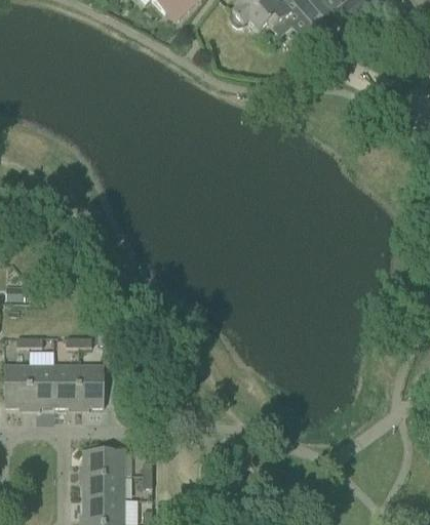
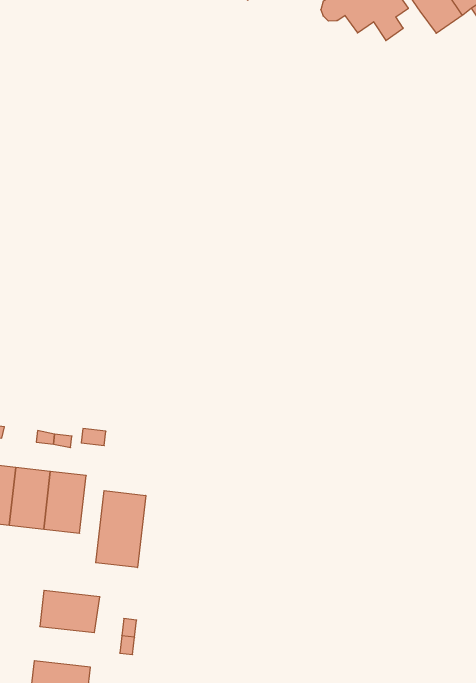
building: none -> [96,491,146,568]
building: [82,476,122,500] -> none

